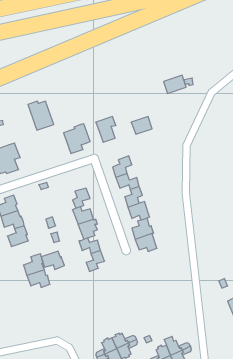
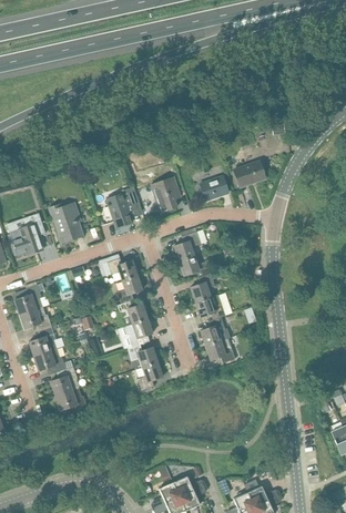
building: [164,75,186,94] -> [233,161,264,186]
building: [28,101,54,130] -> [48,203,83,243]
building: none -> [102,257,136,279]
building: [41,251,64,270] -> [33,348,65,373]

